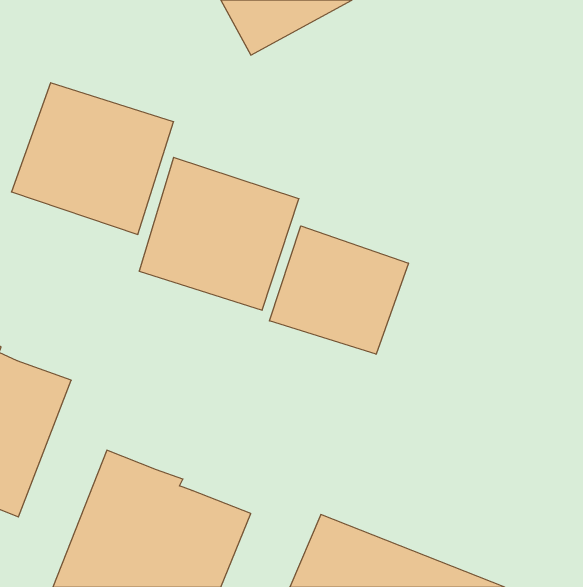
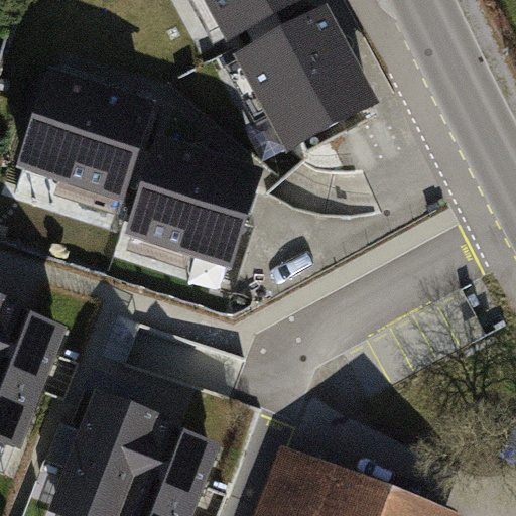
building: none -> [231,10,377,158]
building: [269,226,408,354] -> none

